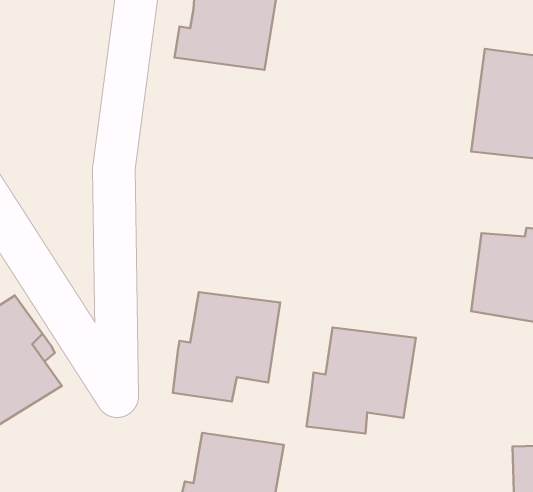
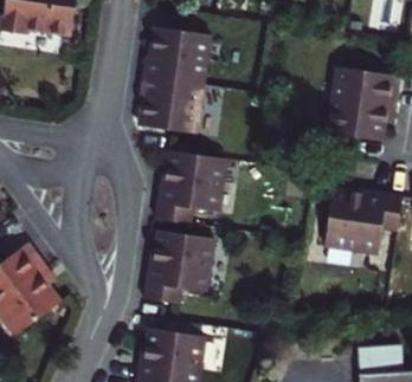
building: none -> [135,79,199,138]
building: [306,327,416,433] -> [147,158,221,231]

